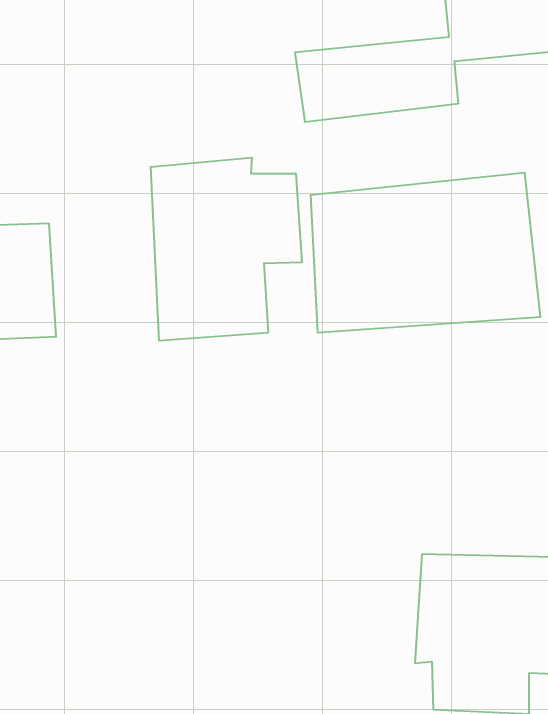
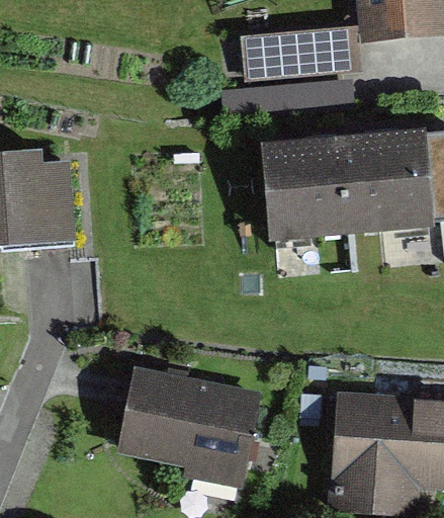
building: [151,158,302,341] -> none
building: none -> [120,366,264,480]

